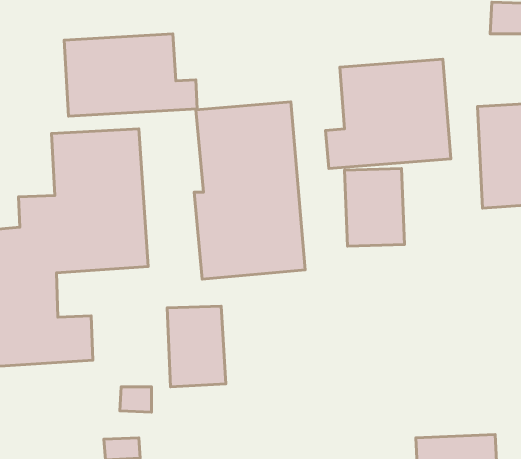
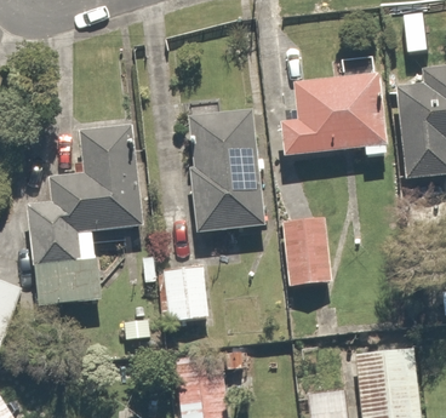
building: [64,34,197,116] -> none
building: [344,168,405,246] -> [285,227,331,286]

